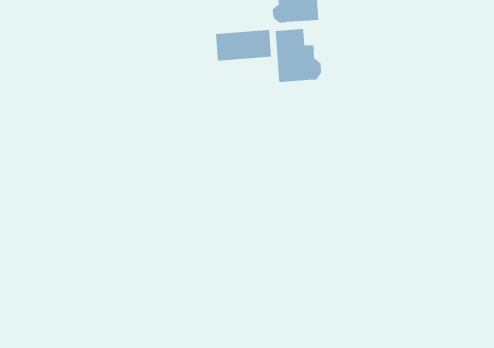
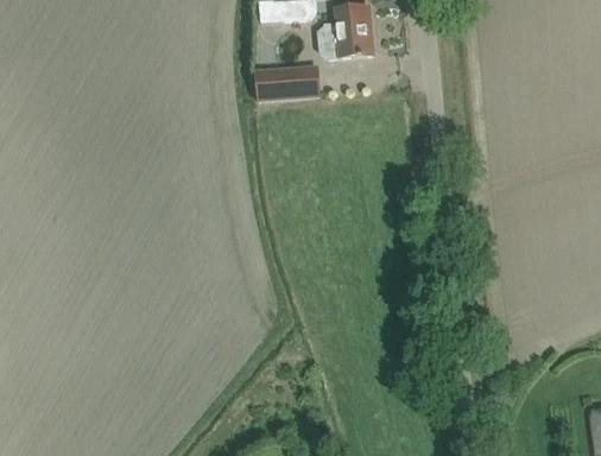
building: [275,28,321,83] -> none

